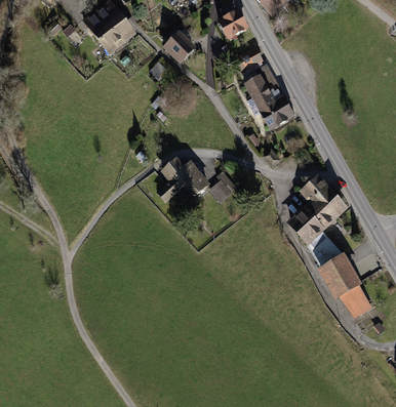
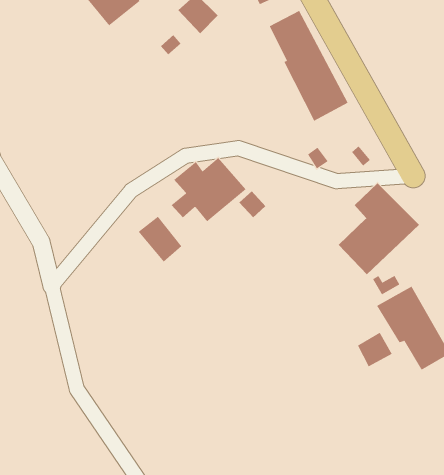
building: none -> [138,216,182,262]
building: none -> [357,332,392,367]

